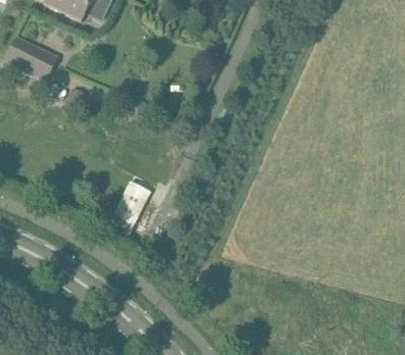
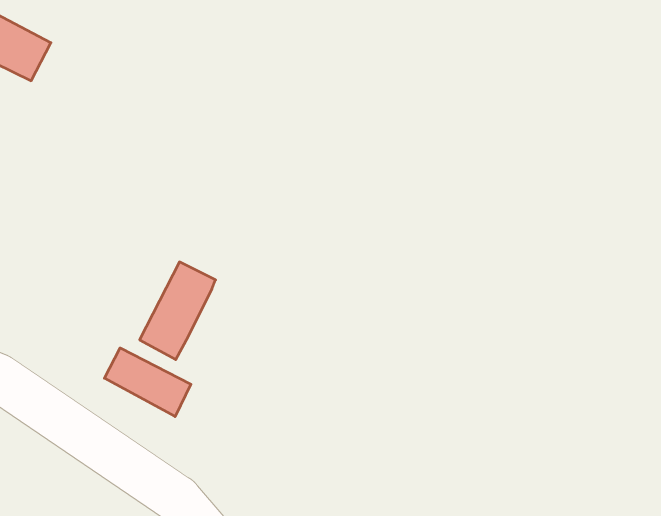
building: none -> [104,348,191,417]

